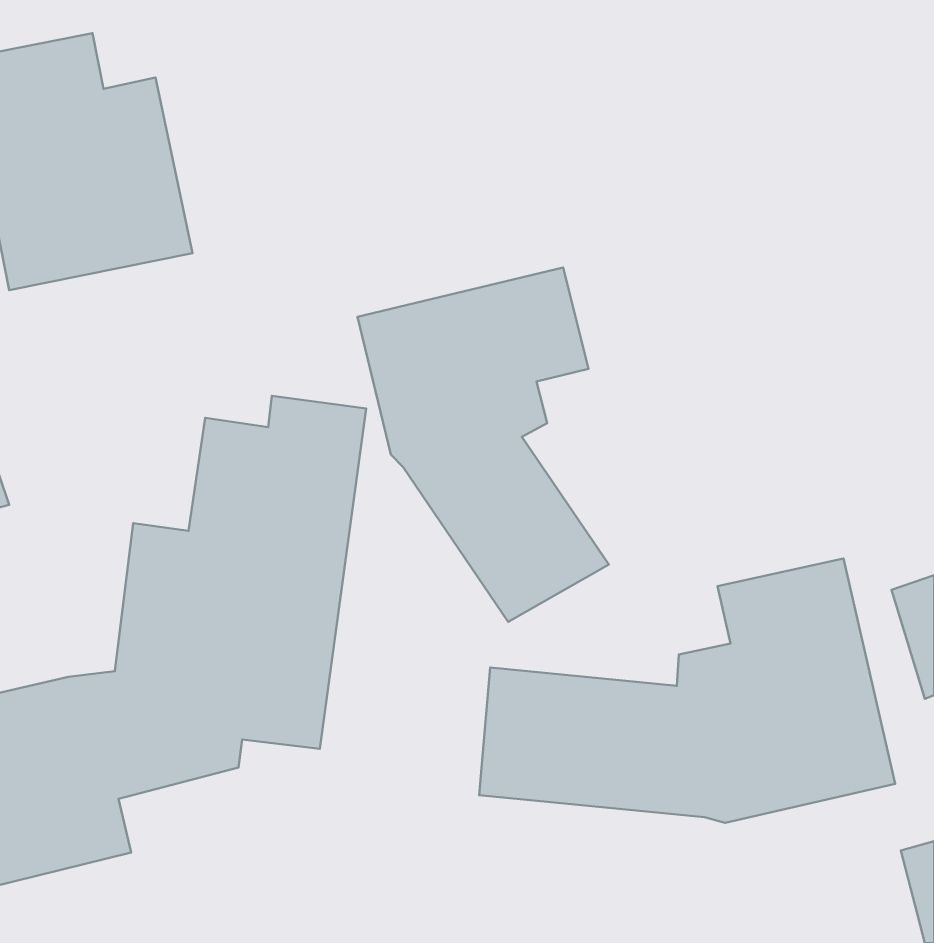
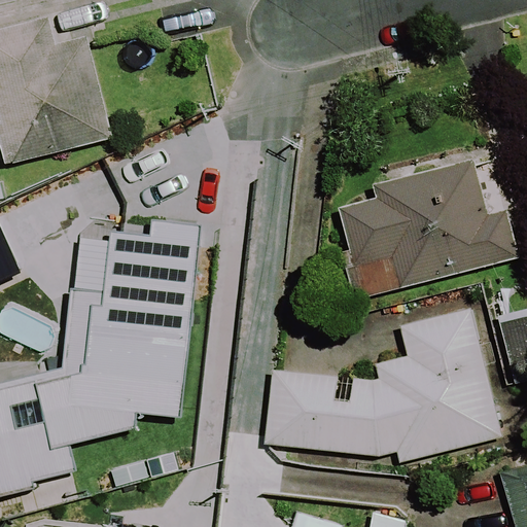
building: [358,267,609,622] -> none
building: none -> [338,167,515,296]

